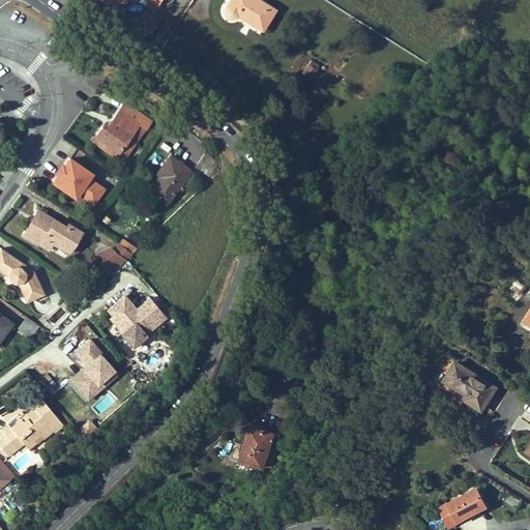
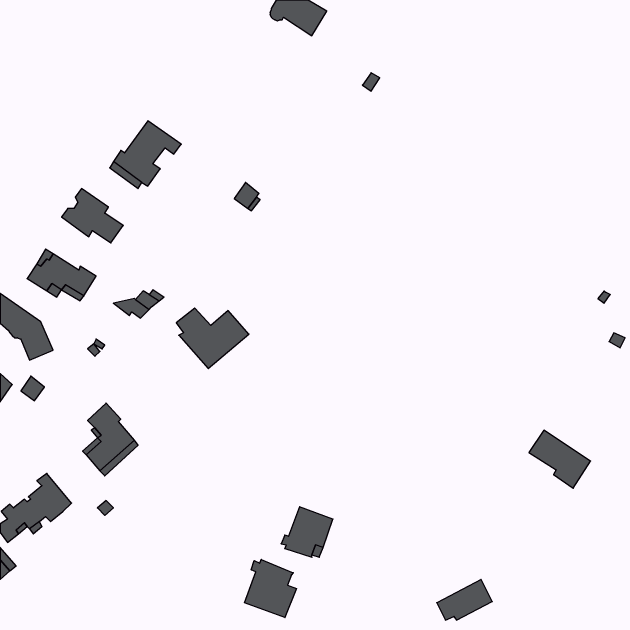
building: [150,156,190,203] -> none
building: [105,297,166,348] -> [176,308,249,369]
building: none -> [244,559,296,618]
building: [440,488,487,522] -> [437,579,492,620]

